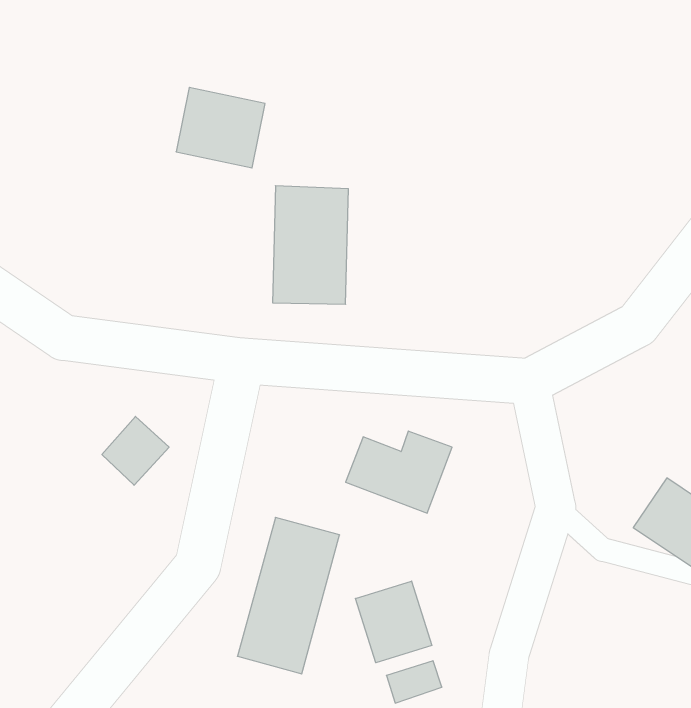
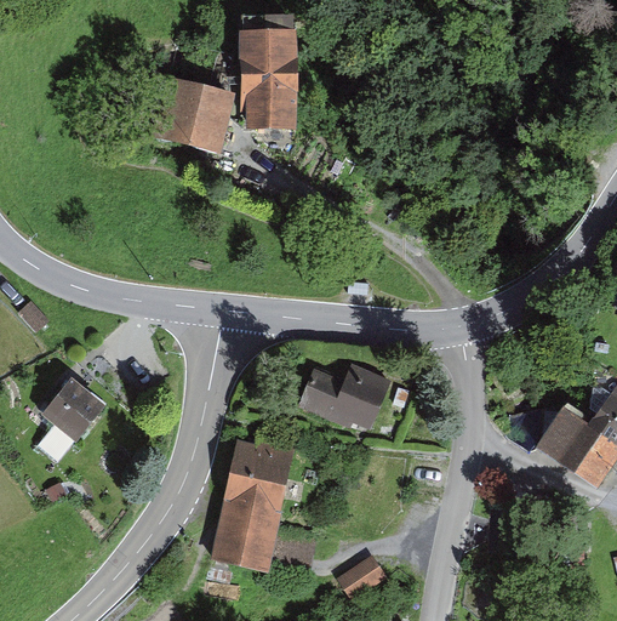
building: [273,186,348,304] -> [242,30,305,129]
building: [102,416,169,485] -> [45,382,101,439]
building: [355,581,432,663] -> none

